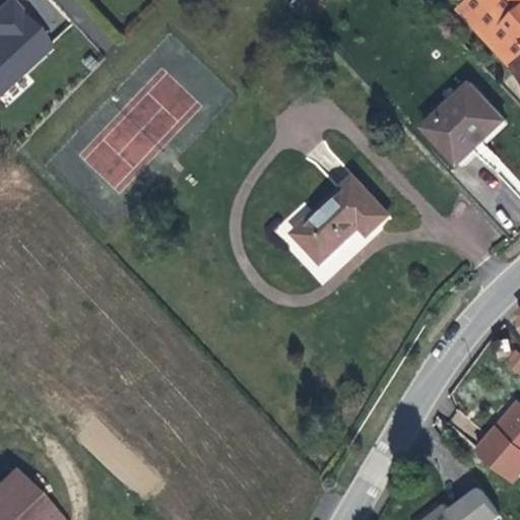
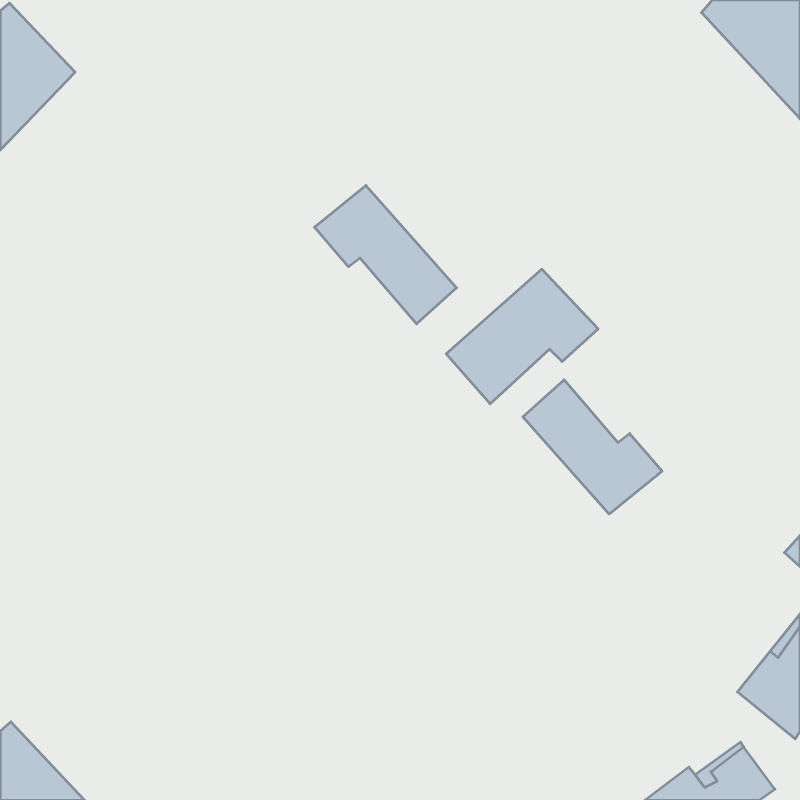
building: [421,82,502,162] -> none
building: none -> [314,185,457,324]
building: none -> [523,380,662,514]

